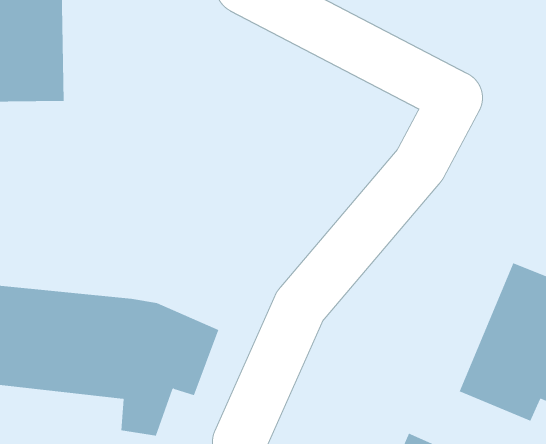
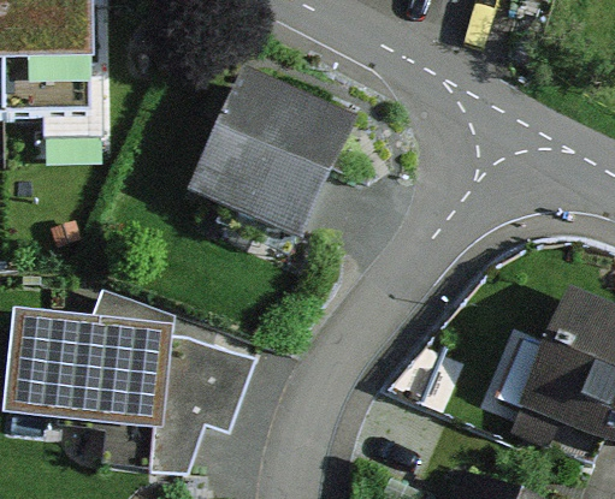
building: none -> [184,67,356,244]

